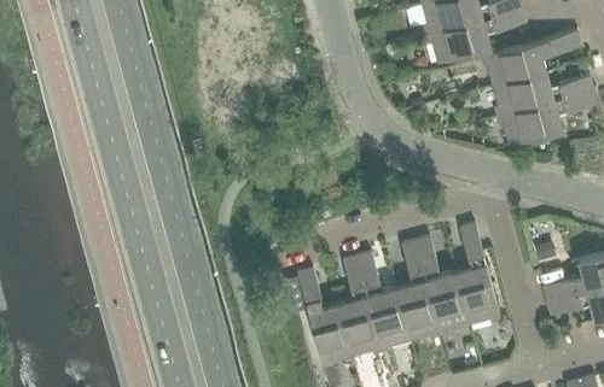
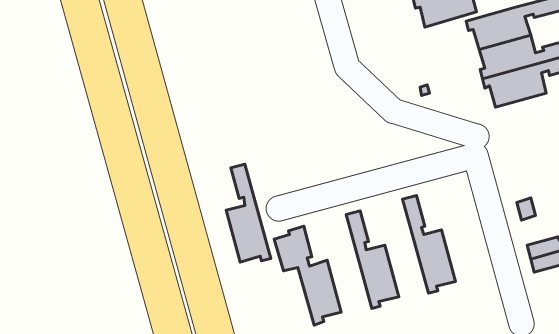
building: [455,224,503,324] -> none
building: [397,240,442,340] -> none
building: [338,256,384,356] -> [226,164,271,262]

